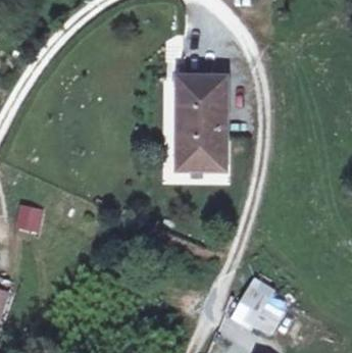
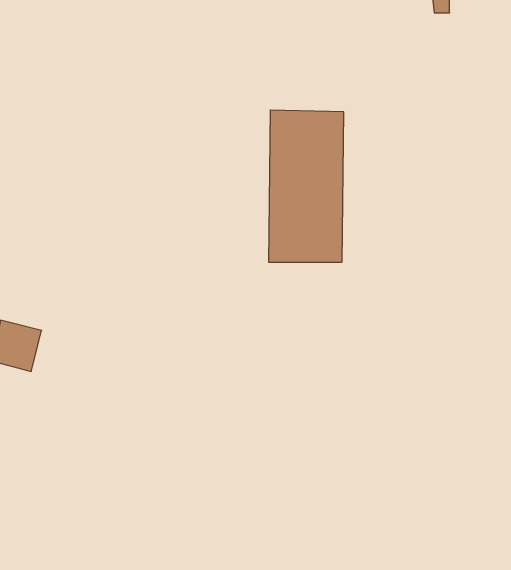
building: [234,278,283,332] -> none

